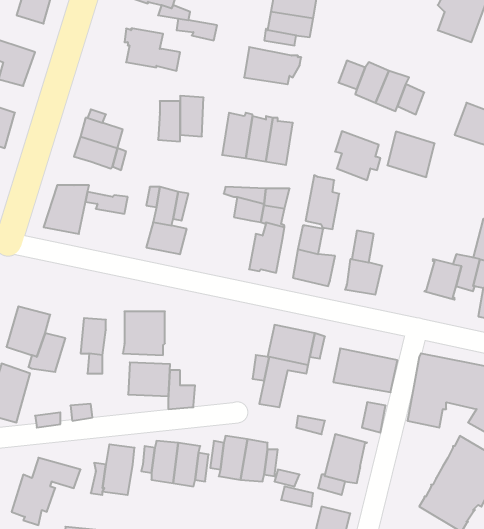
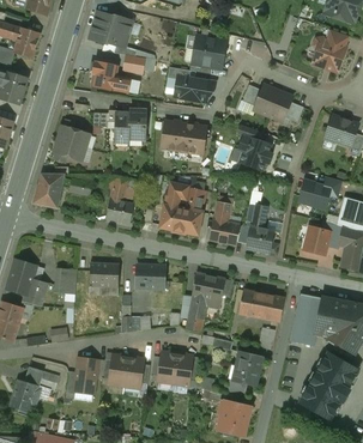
building: [387,132,435,177] -> [298,178,332,211]
building: [306,175,339,229] -> [159,195,183,233]
building: [128,362,170,396] -> [135,265,165,289]

